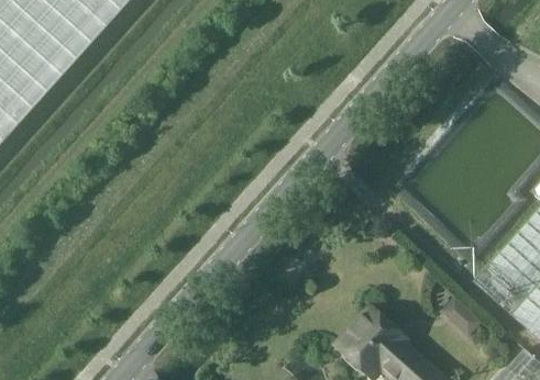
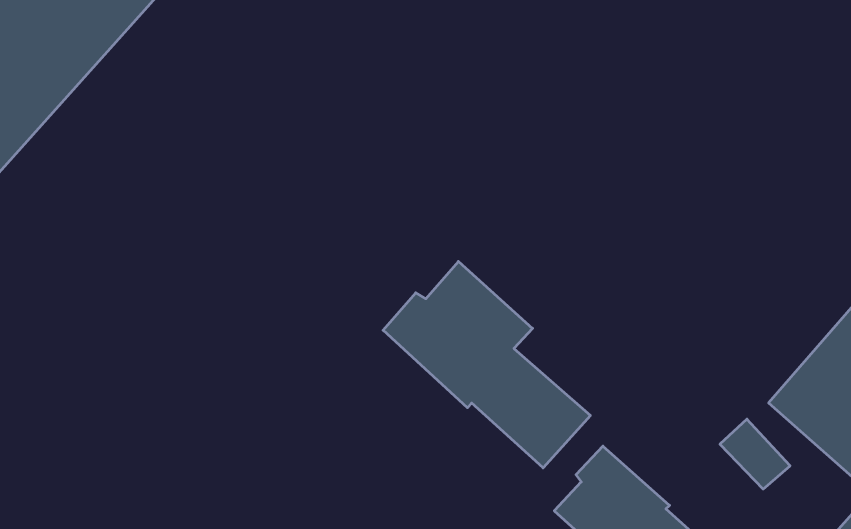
building: none -> [383,261,590,468]

